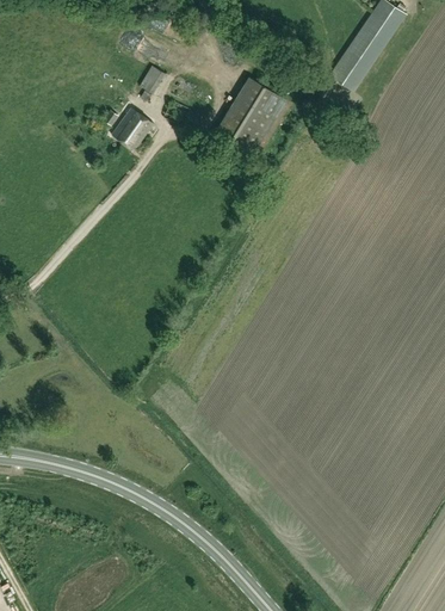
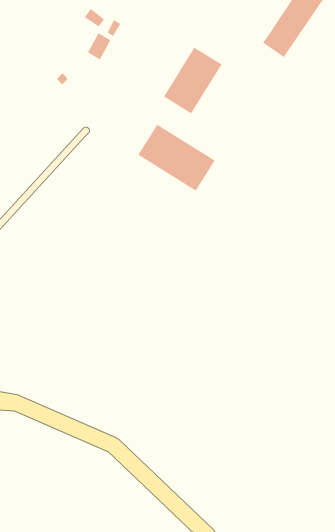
building: [110,107,152,150] -> none
building: none -> [138,124,215,191]

